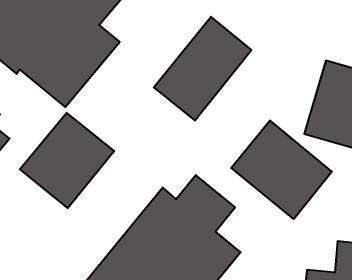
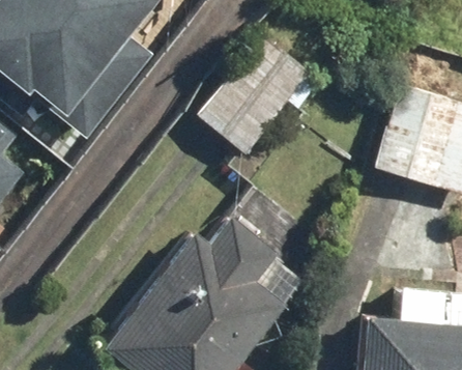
building: [20,113,114,208] -> none
building: [231,120,332,219] -> none

